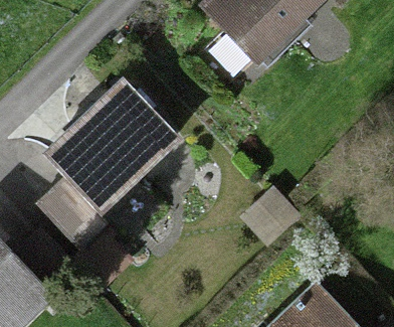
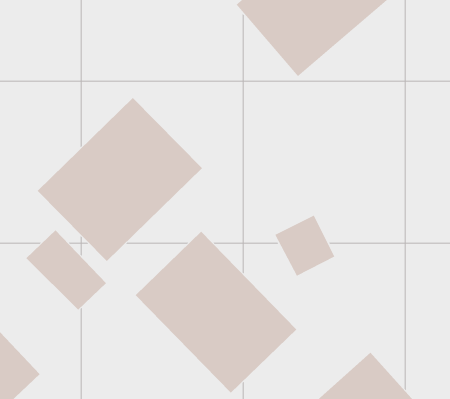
building: none -> [135,231,297,394]

